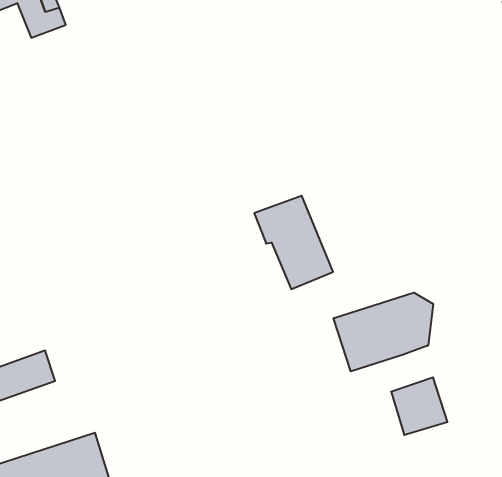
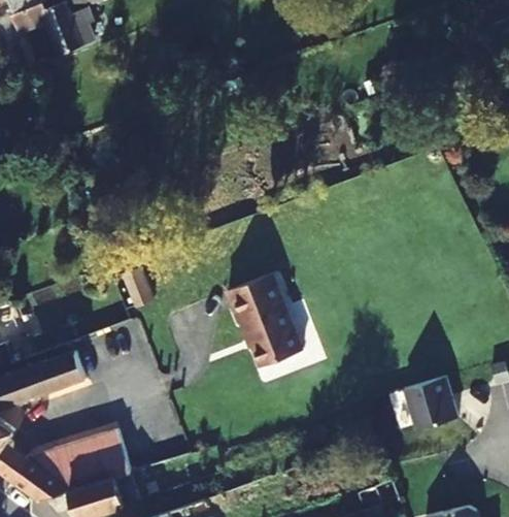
building: [254,196,333,289] -> [226,279,301,367]
building: [334,293,433,371] -> none

